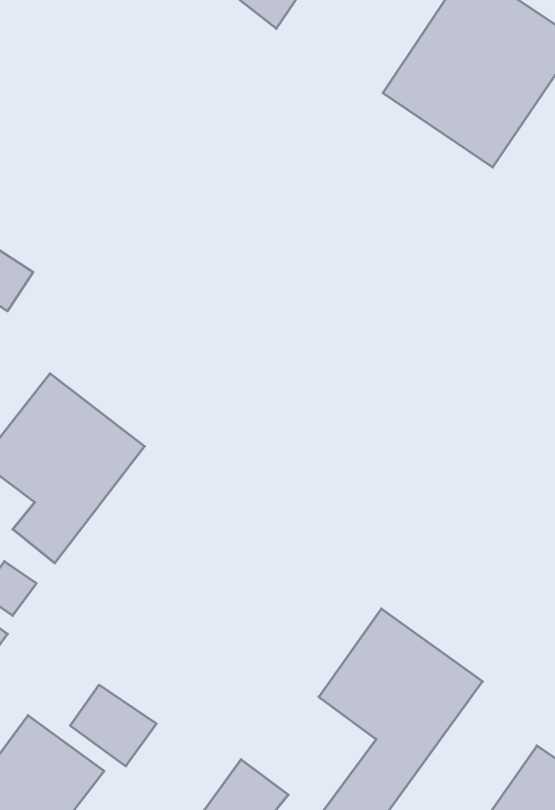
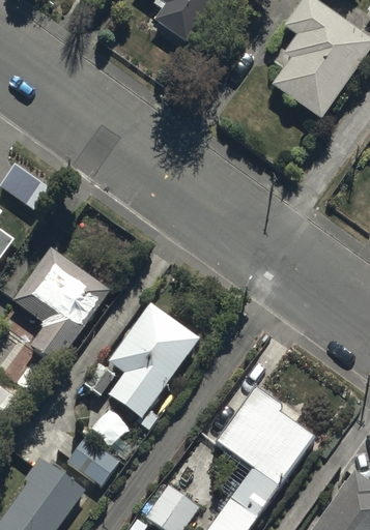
building: none -> [98,303,198,432]

